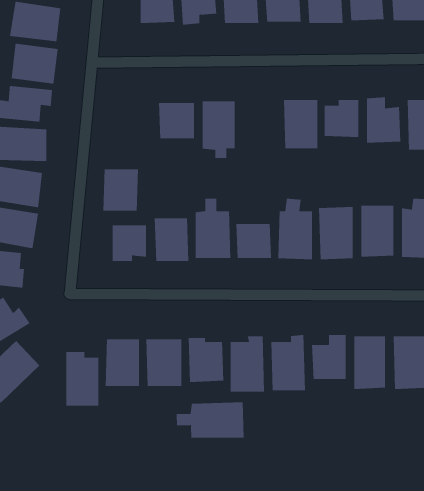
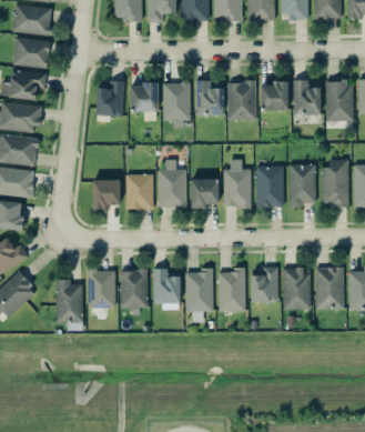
building: none -> [194,80,223,115]
building: [102,169,139,211] -> [95,82,124,115]
building: [176,401,244,439] -> none

